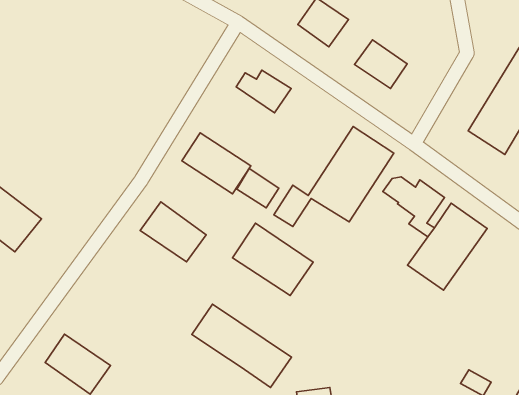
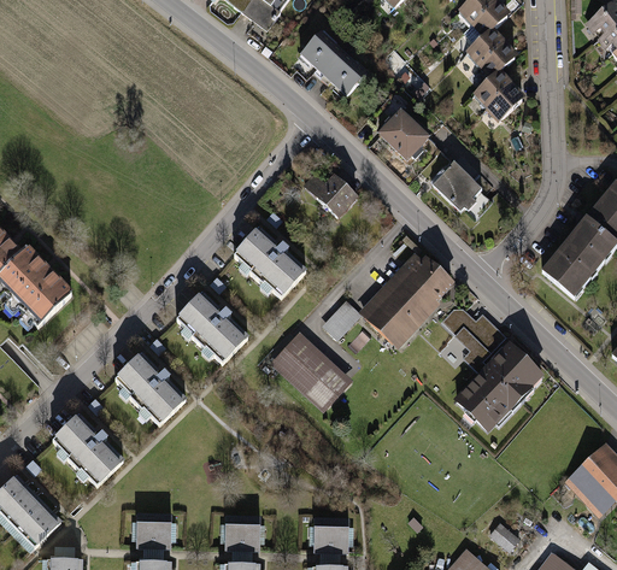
building: [237,168,279,208] -> none
building: none -> [116,354,184,422]
building: [192,304,291,387] -> none

